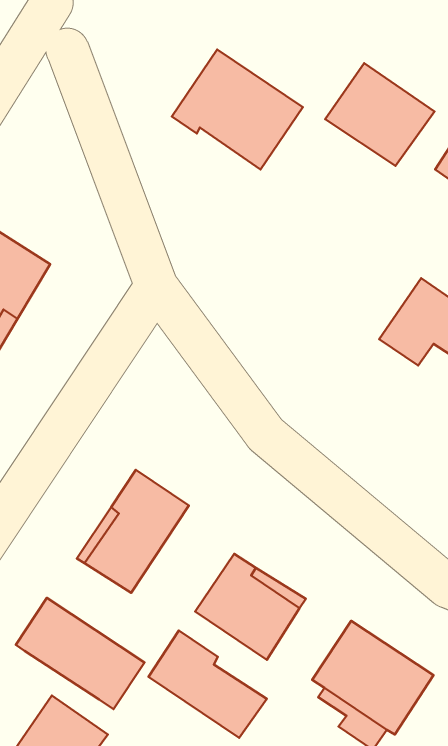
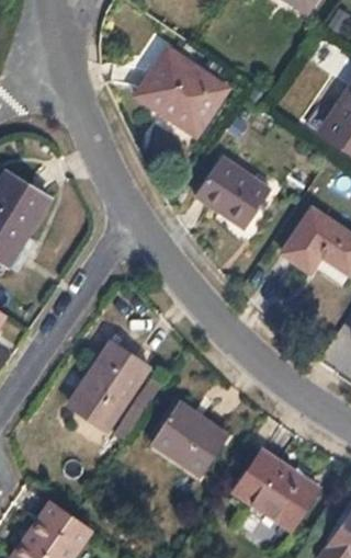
building: [325,63,434,166] -> [194,156,271,228]
building: [16,598,145,709] -> none
building: [148,631,267,738] -> none

